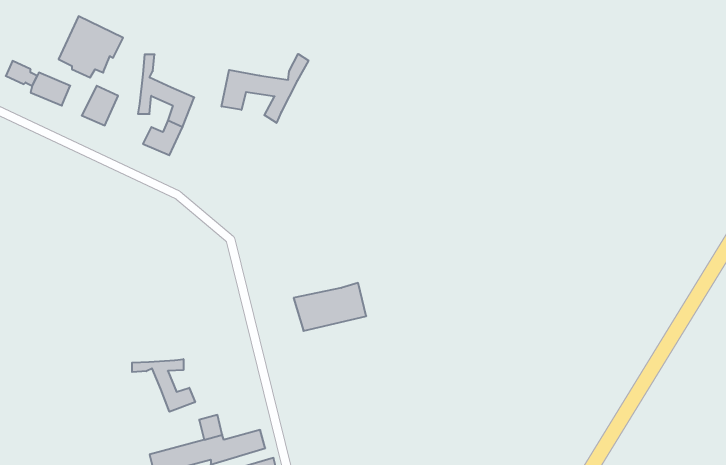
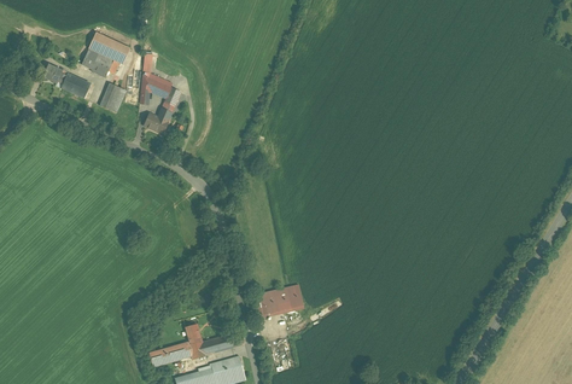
building: [222,54,308,123] -> none
building: [294,283,366,331] -> [251,284,304,319]
building: [132,359,195,412] -> none

